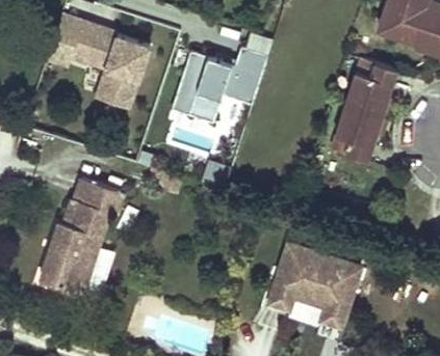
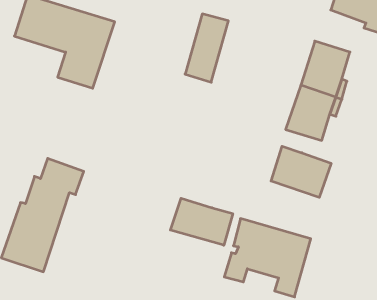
building: [173,49,232,120] -> none
building: none -> [271,146,331,197]
building: none -> [170,198,233,245]

